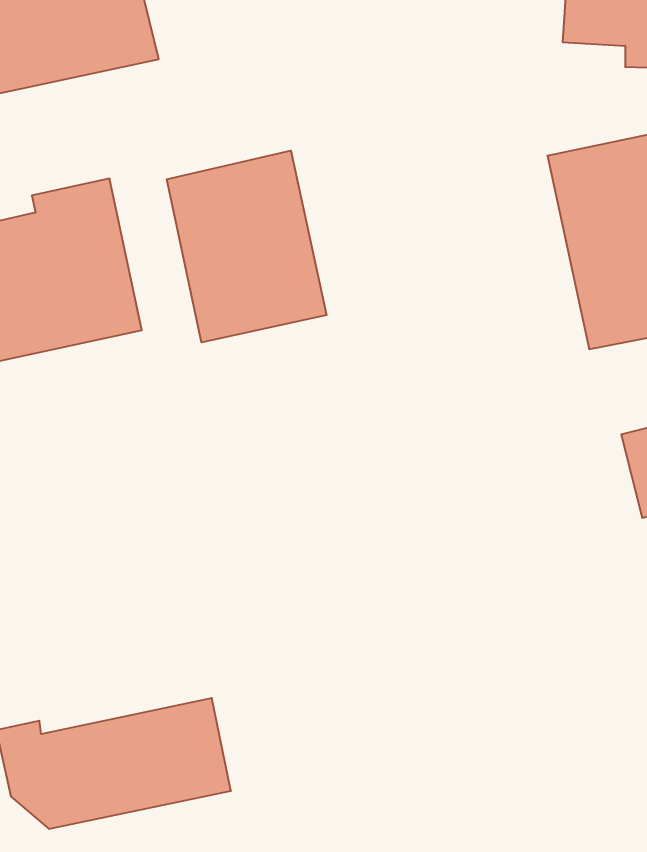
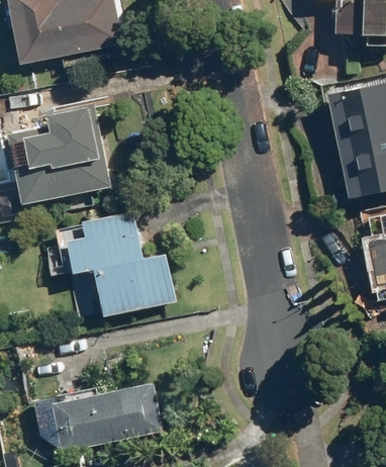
building: [167,151,327,342] -> none
building: none -> [56,210,175,318]

